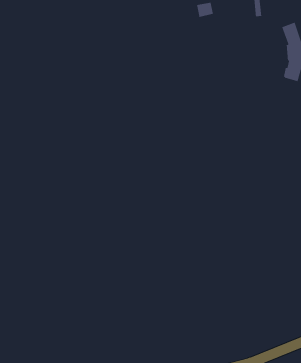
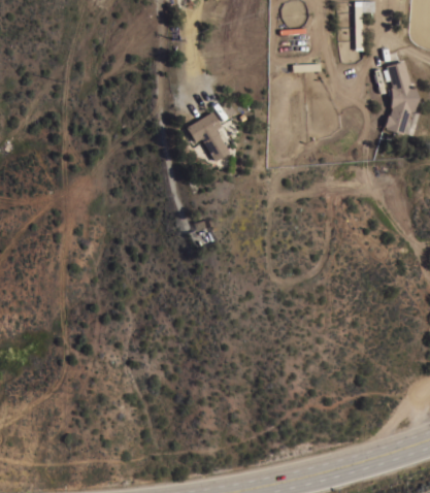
building: none -> [186,111,229,162]

